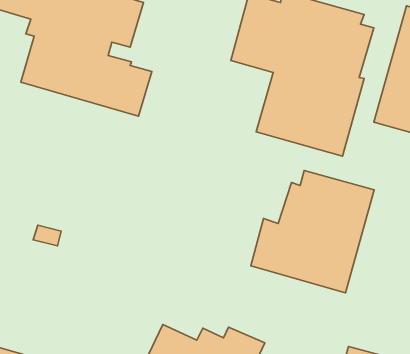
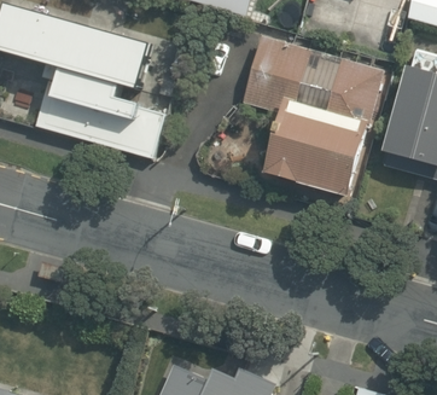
building: [251,171,374,293] -> none

